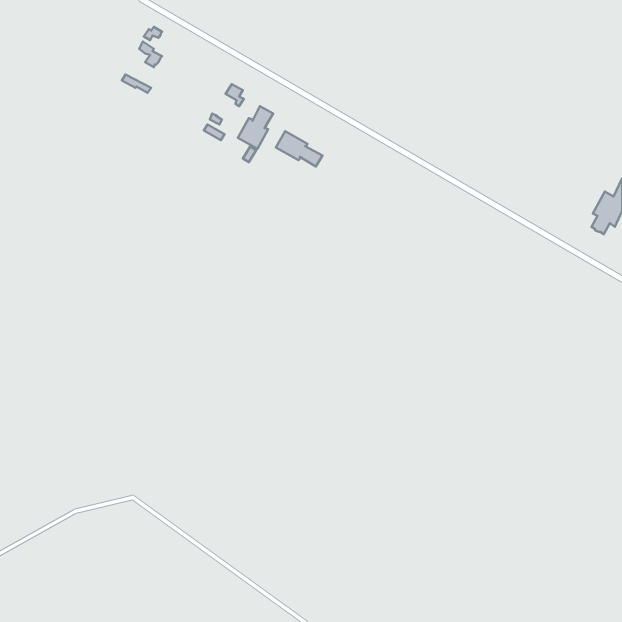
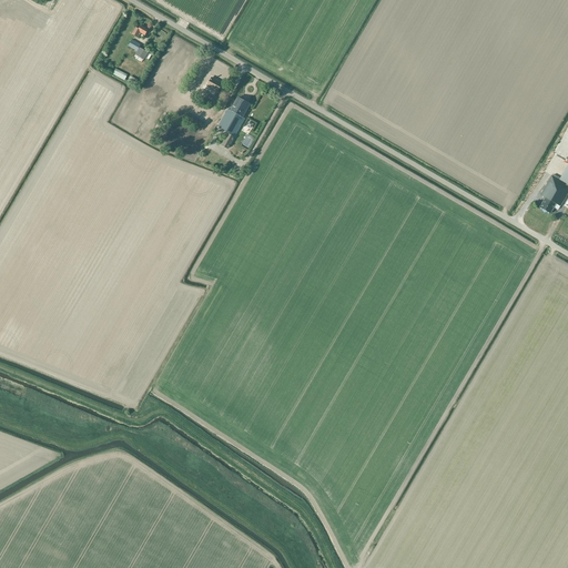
building: [276,131,322,167] -> none

